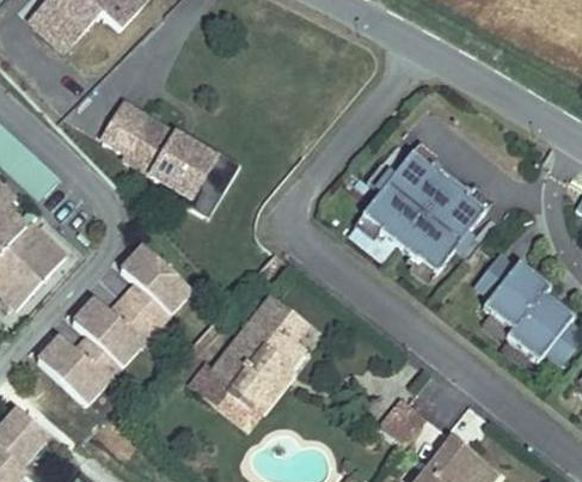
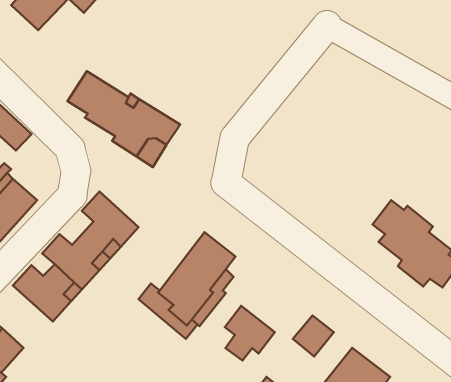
building: [363,152,486,273] -> none
building: none -> [225,306,275,361]

